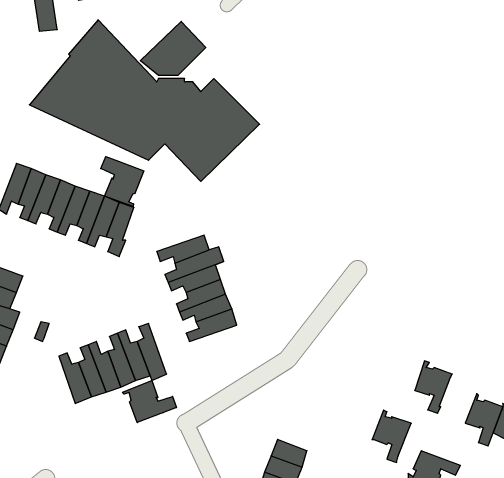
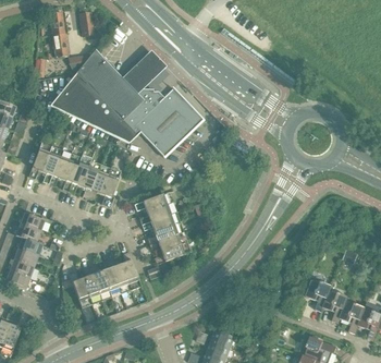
building: [101,157,144,207] -> none
building: [123,381,176,423] -> none
building: [372,410,411,462] -> [321,288,347,323]

